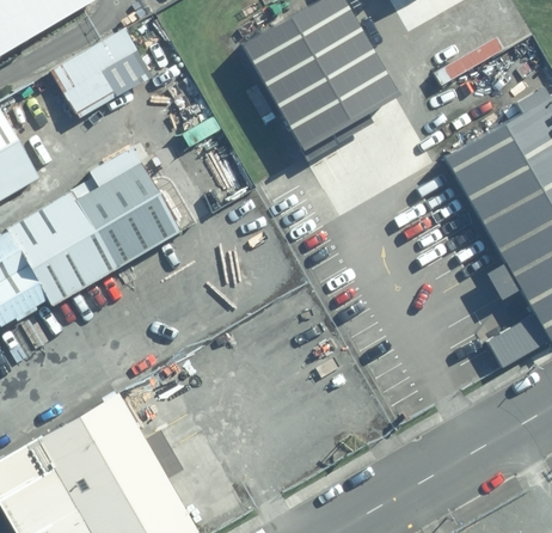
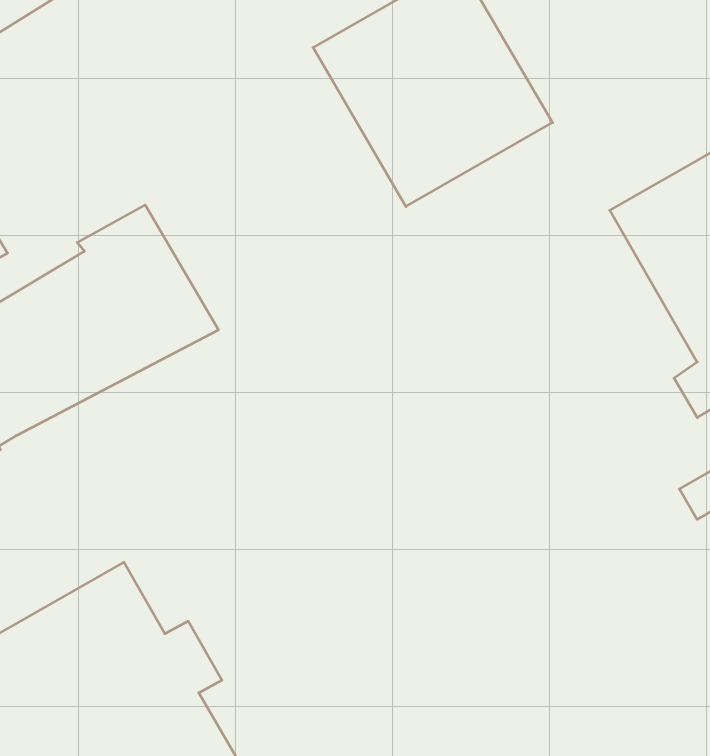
building: [51,31,153,121] -> none

